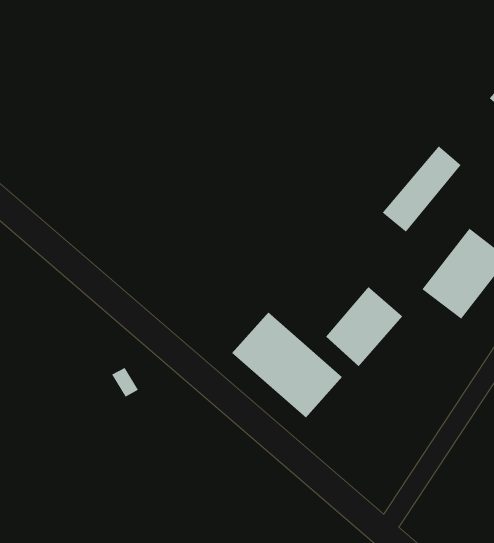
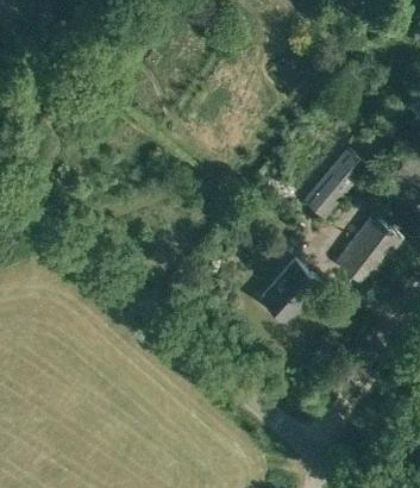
building: [231,311,343,419] -> none

